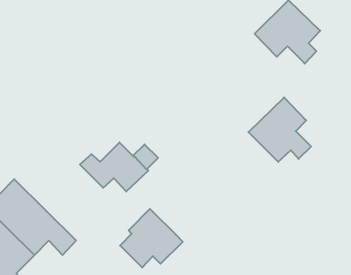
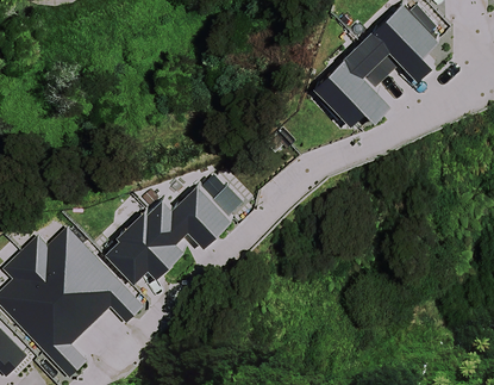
building: [248,97,311,162] -> [319,45,396,125]
building: [120,209,183,268] -> [107,204,185,277]

